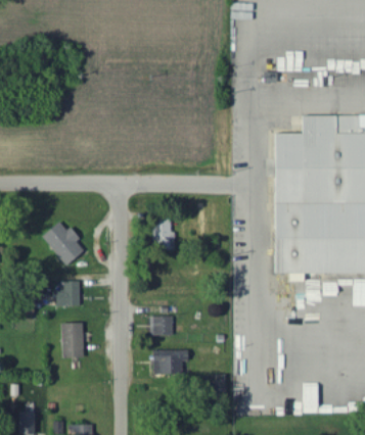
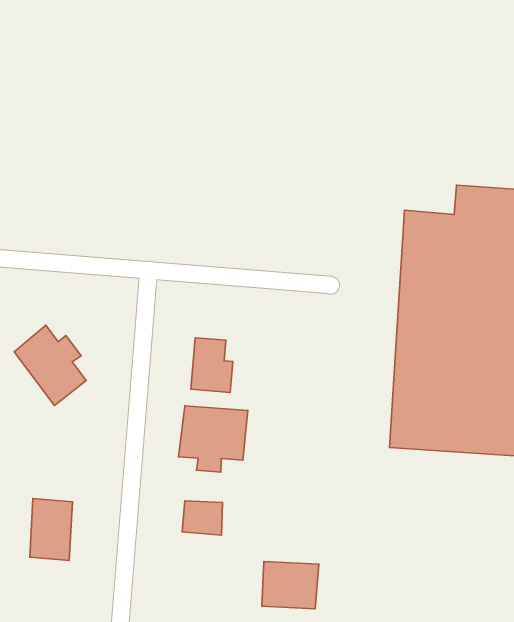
building: none -> [179,406,248,472]
building: [54,281,80,306] -> none
building: [151,349,184,377] -> [262,561,319,609]

